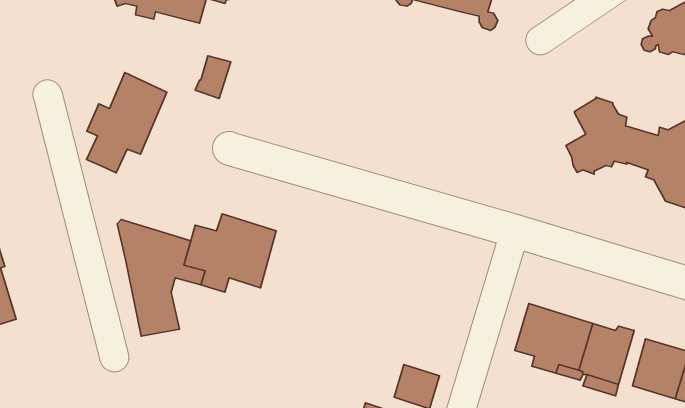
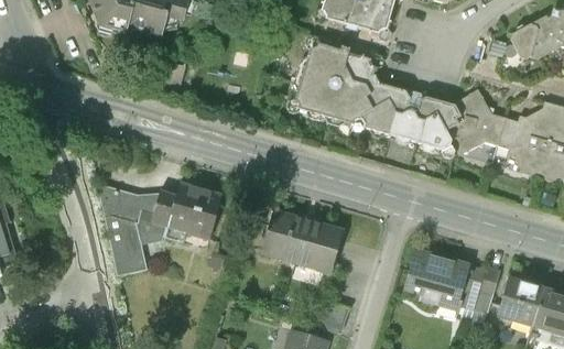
building: none -> [294,42,462,150]
building: [87,72,167,173] -> none
building: none -> [261,209,343,272]

